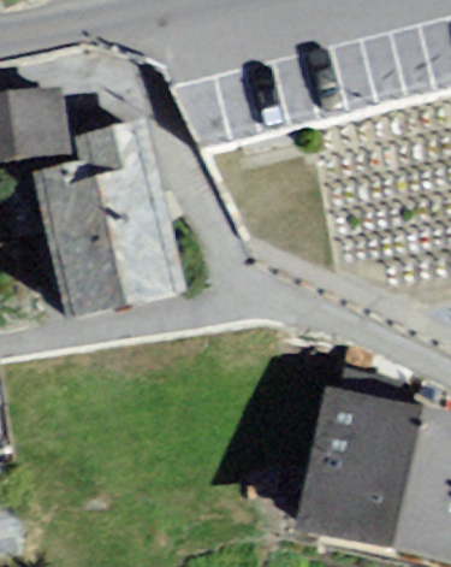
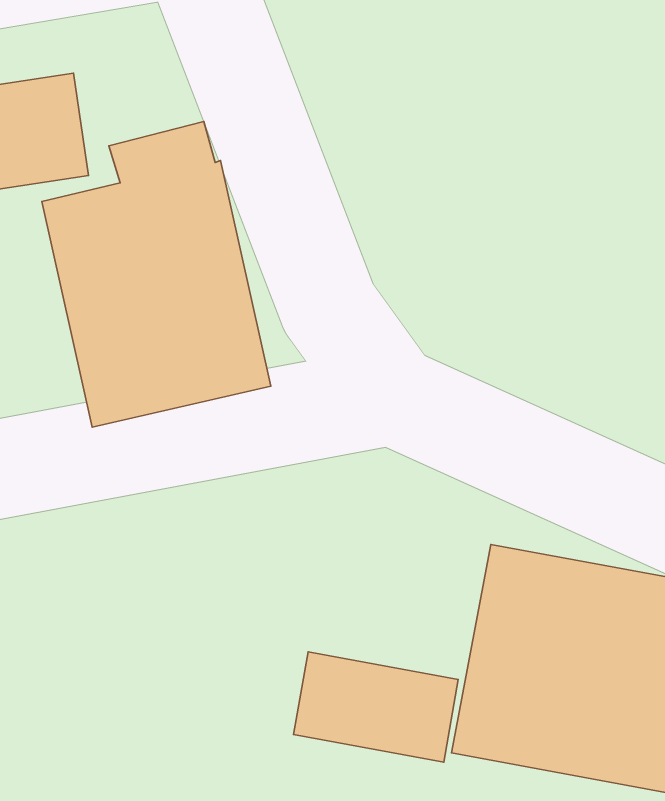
building: none -> [293,652,458,762]

